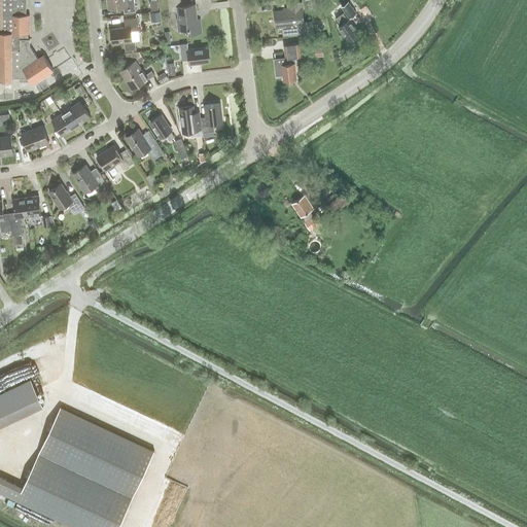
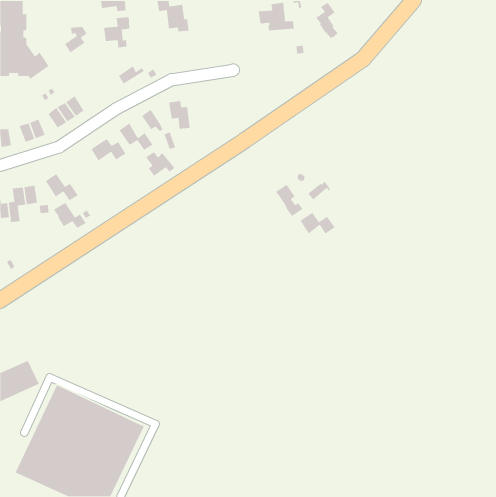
building: [179,43,209,65] -> none
building: [273,43,298,82] -> none
building: [118,51,143,80] -> [64,26,88,53]
building: [200,103,220,133] -> none
building: none -> [145,151,175,177]
building: [71,165,107,194] -> [53,202,87,229]
building: none -> [300,212,336,235]

